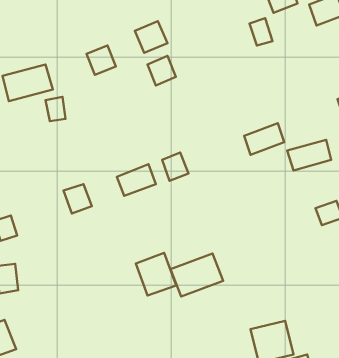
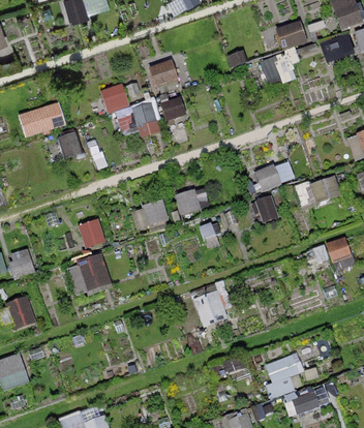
building: none -> [116,103,160,136]
building: none -> [65,254,113,297]
building: [136,253,176,296] -> none

